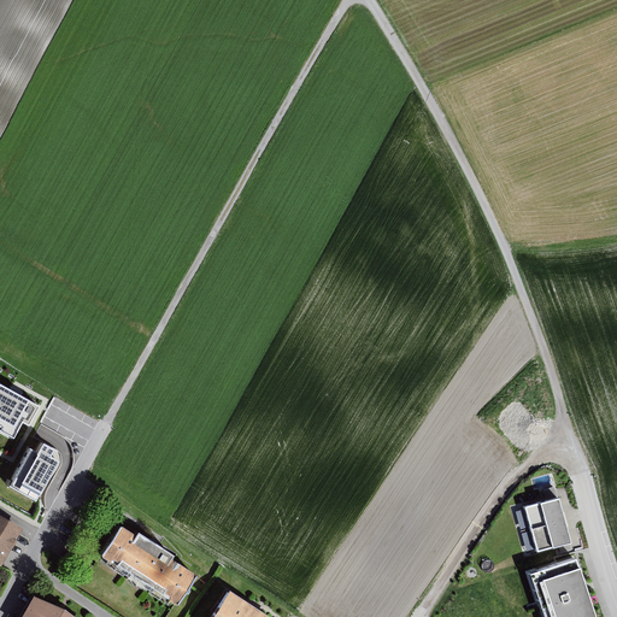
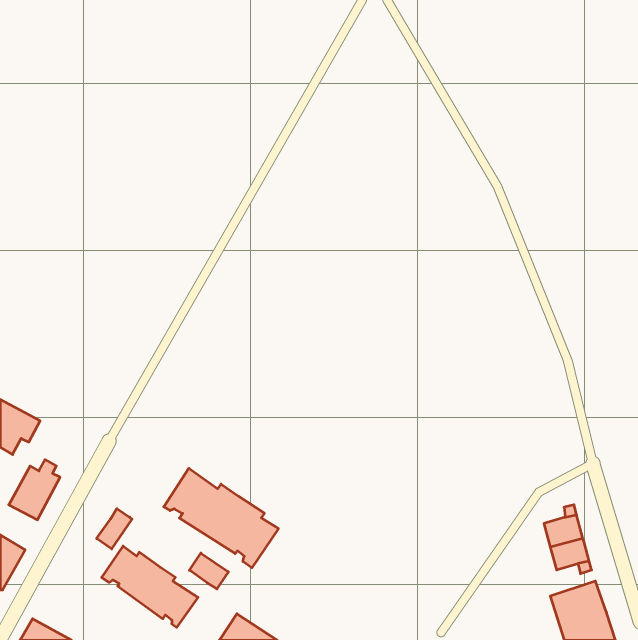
building: none -> [164,468,278,568]
building: none -> [97,509,132,549]
building: none -> [189,553,228,589]

